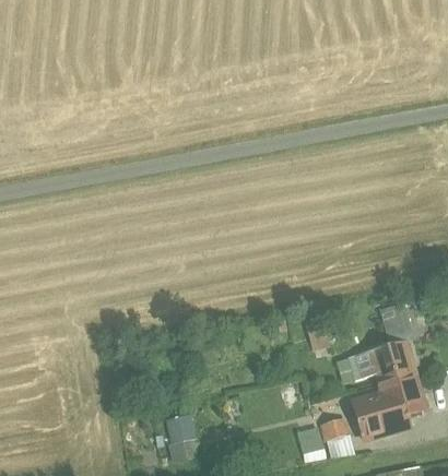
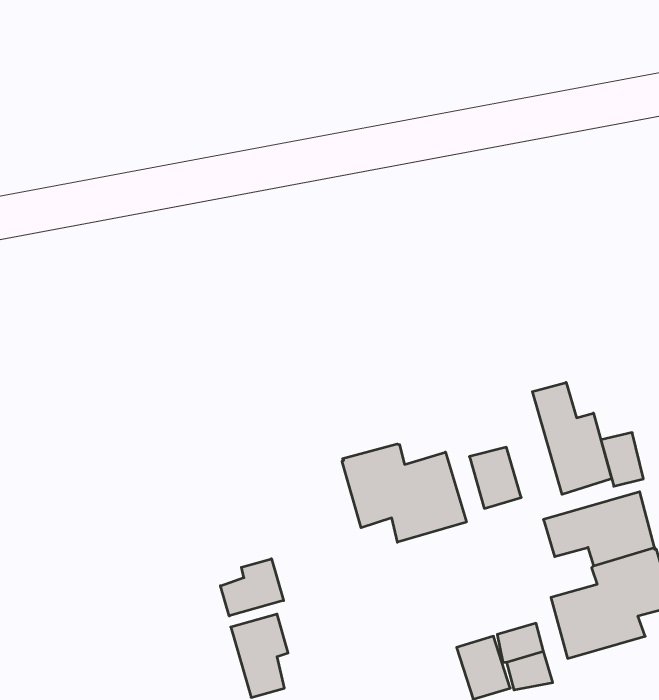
building: none -> [532,382,612,494]
building: none -> [342,444,466,542]
building: none -> [220,559,284,616]

